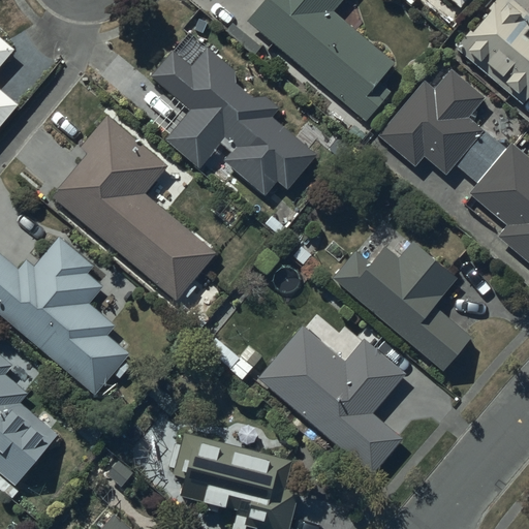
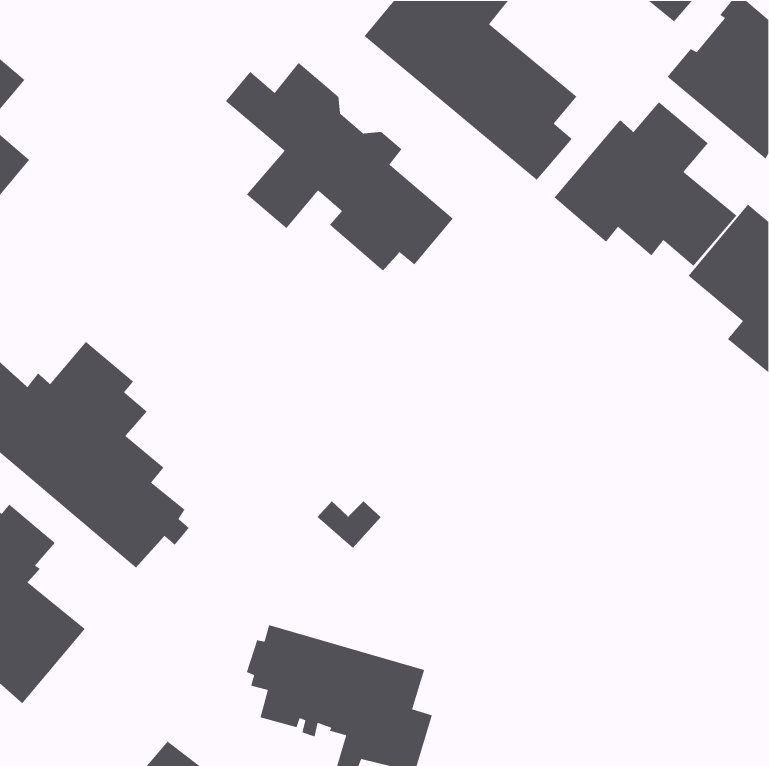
building: [50,115,214,297] -> none
building: [333,237,472,371] -> none
building: [258,315,406,472] -> none

